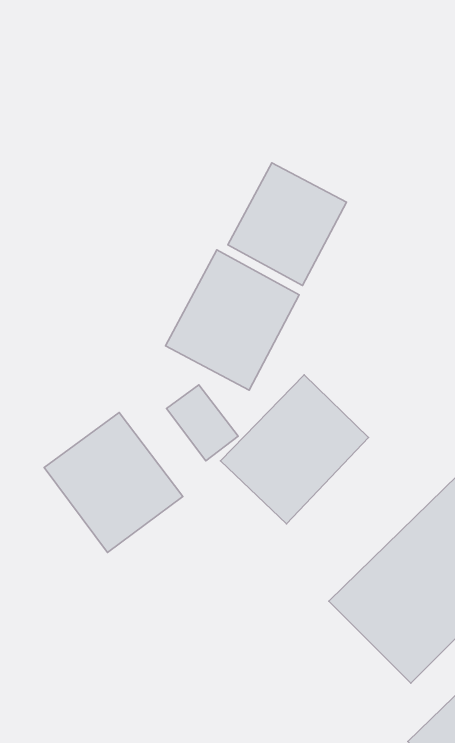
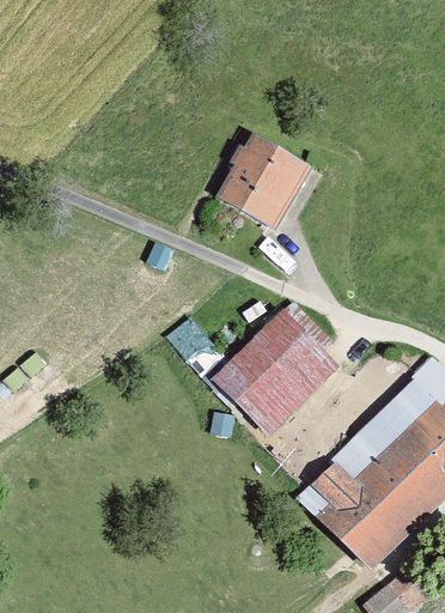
building: [165,250,299,390] -> none
building: [44,413,183,553] -> none

